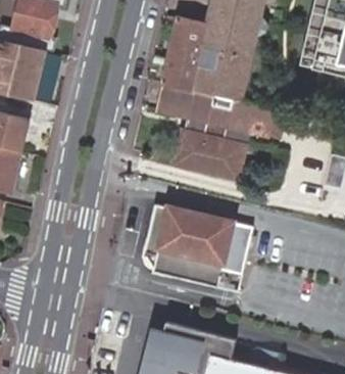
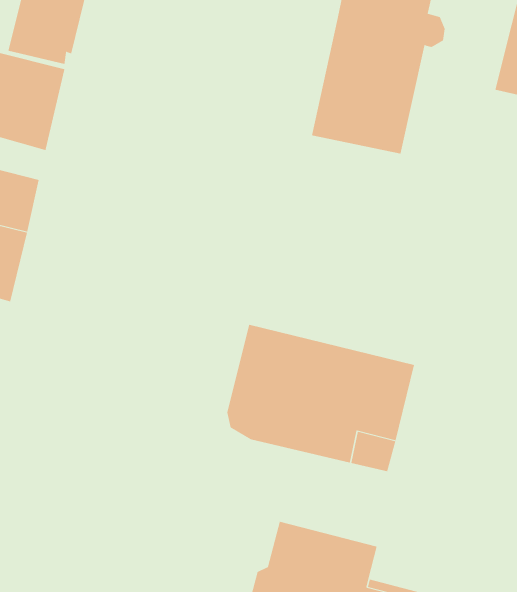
building: [158,16,288,176] -> none

